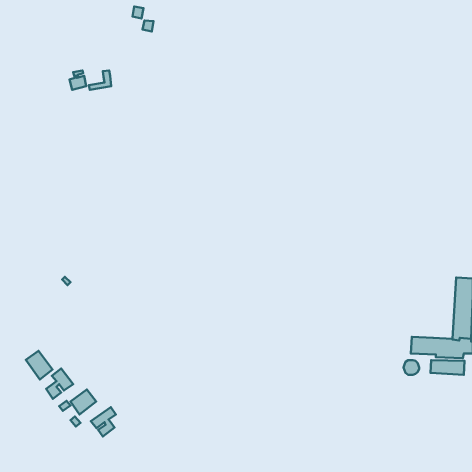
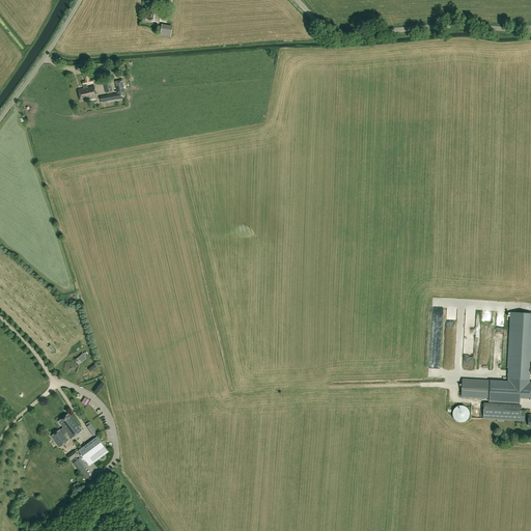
building: [26,351,53,379] -> none
building: [91,407,116,437] -> none

